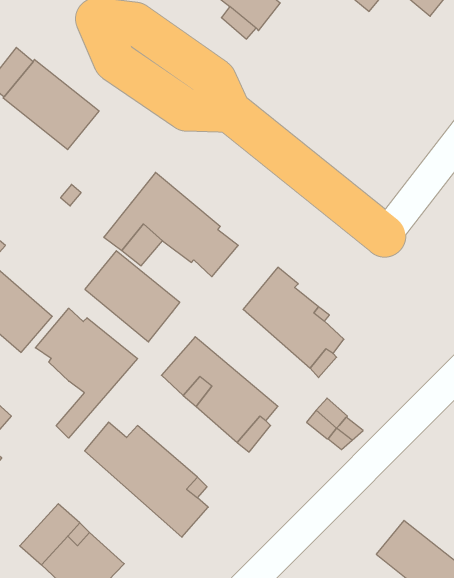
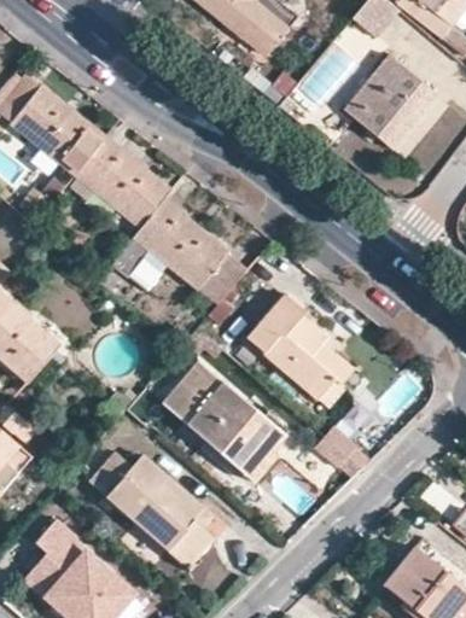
building: none -> [346,57,436,147]
building: [85,251,180,342] -> [74,136,169,228]
building: [35,308,138,438] -> none

